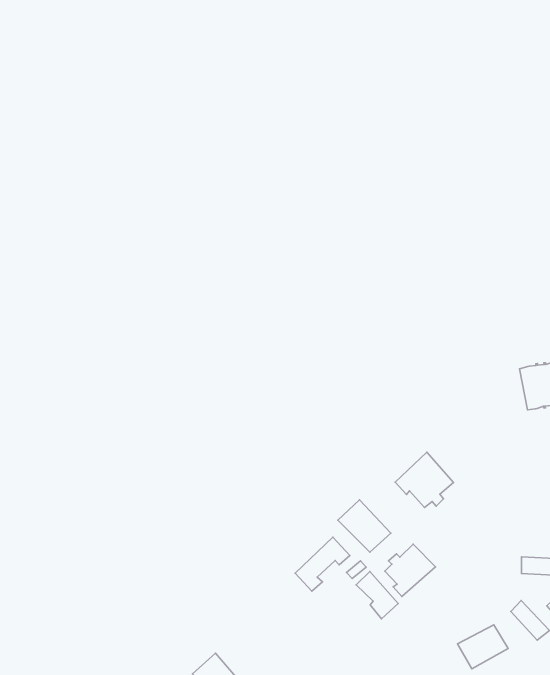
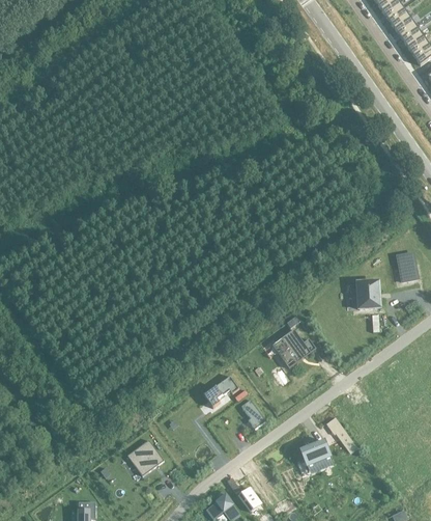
building: [338,500,391,552] -> none
building: [385,544,435,597] -> none

